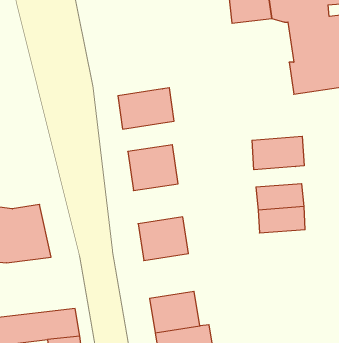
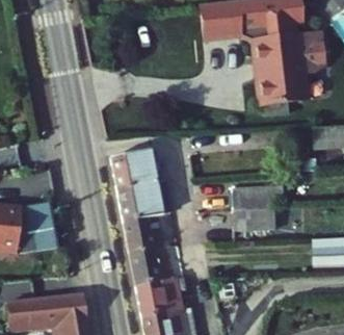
building: [118,88,174,129] -> [124,183,175,221]
building: [252,136,304,170] -> none
building: none -> [133,248,179,288]

